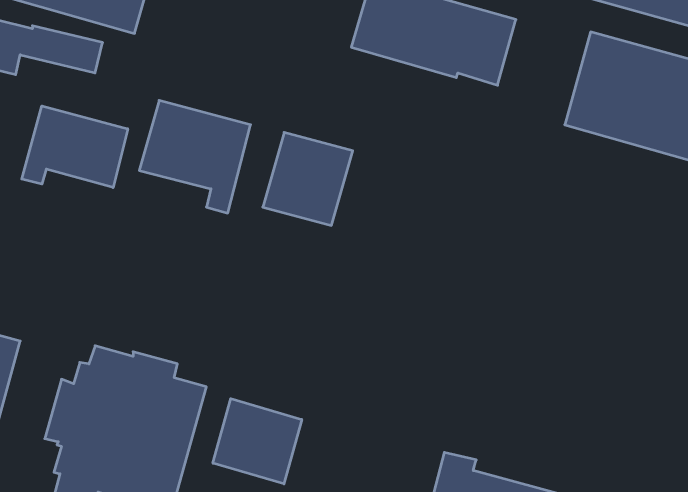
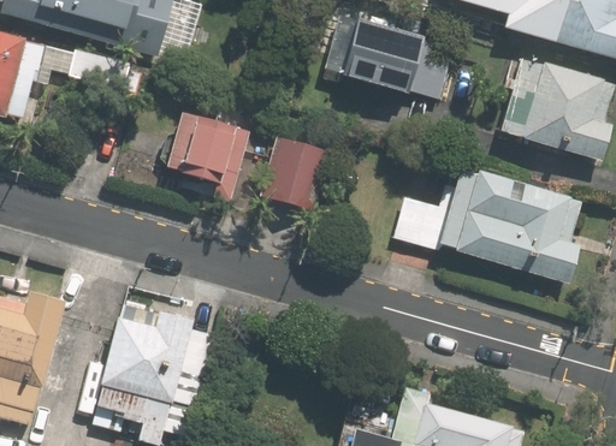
building: [22,106,128,188] -> none
building: none -> [390,168,570,281]
building: [213,399,302,484] -> none

